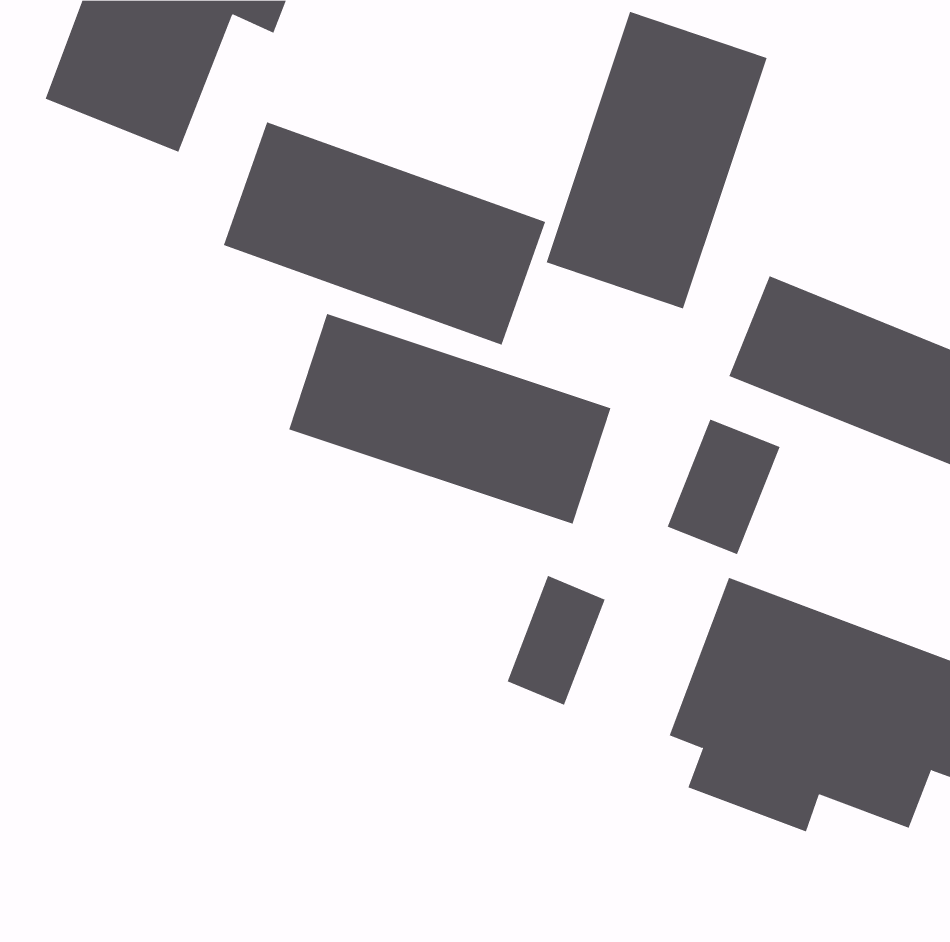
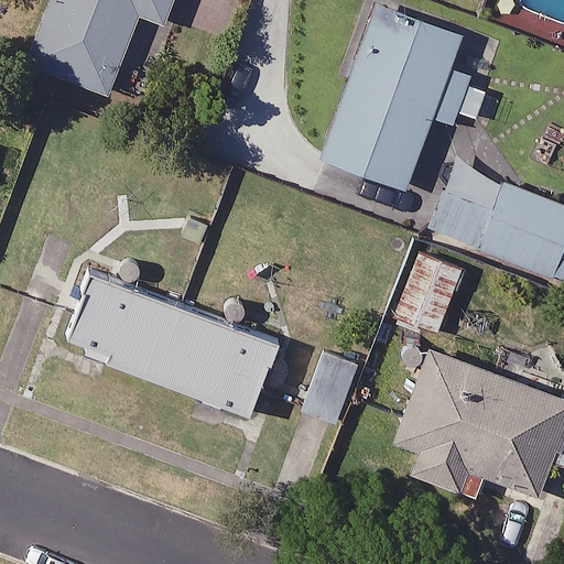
building: [223,122,546,346] -> none
building: [289,313,611,525] -> none
building: none -> [61,275,273,412]

